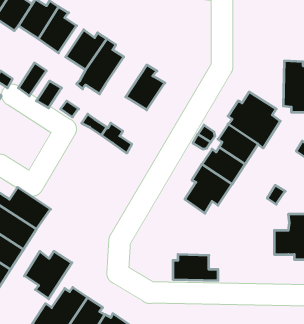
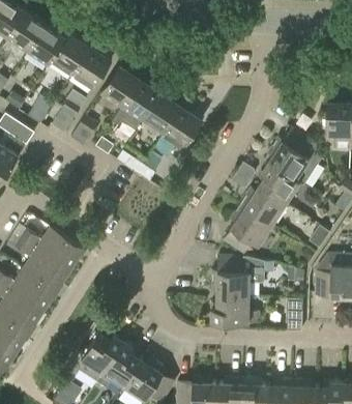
building: none -> [142,93,184,135]
building: none -> [212,257,262,298]
building: [24,251,72,299] -> none

